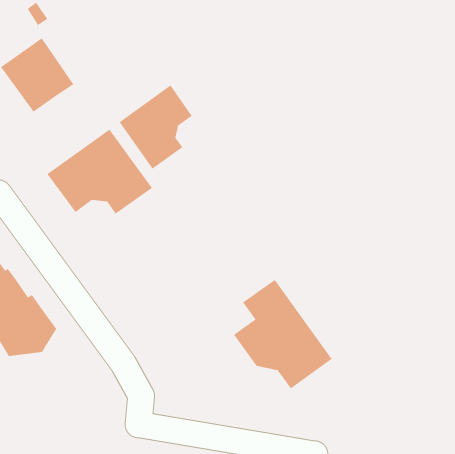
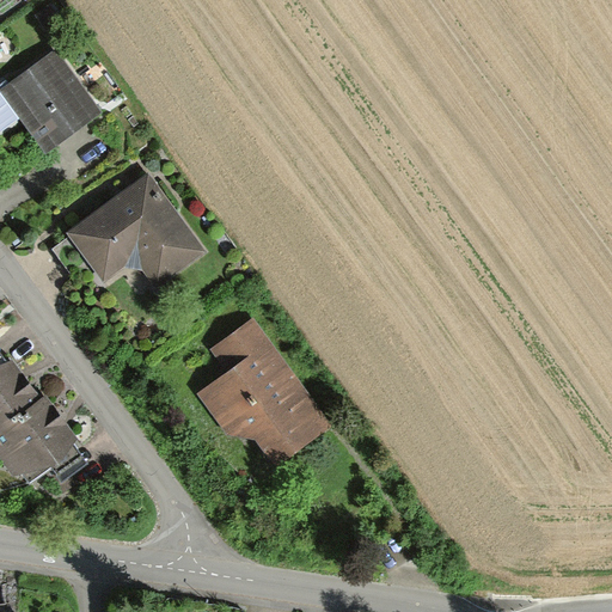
building: [119,85,192,170] -> none
building: [233,279,332,389] -> [196,319,329,466]

